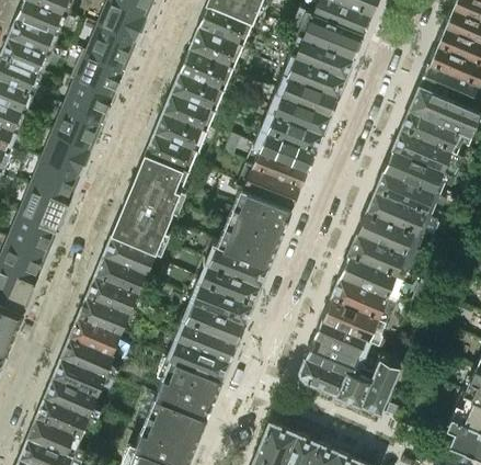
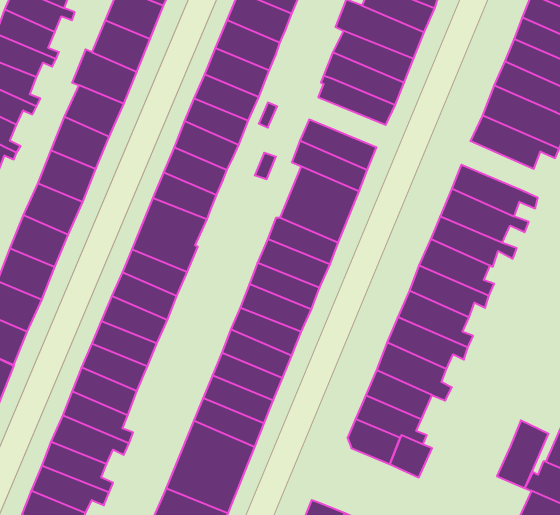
building: [266,91,330,133] -> none
building: [392,127,465,169] -> none
building: [357,360,400,416] -> [497,420,549,488]

